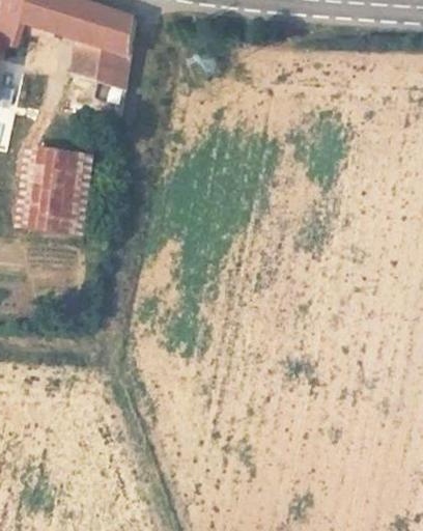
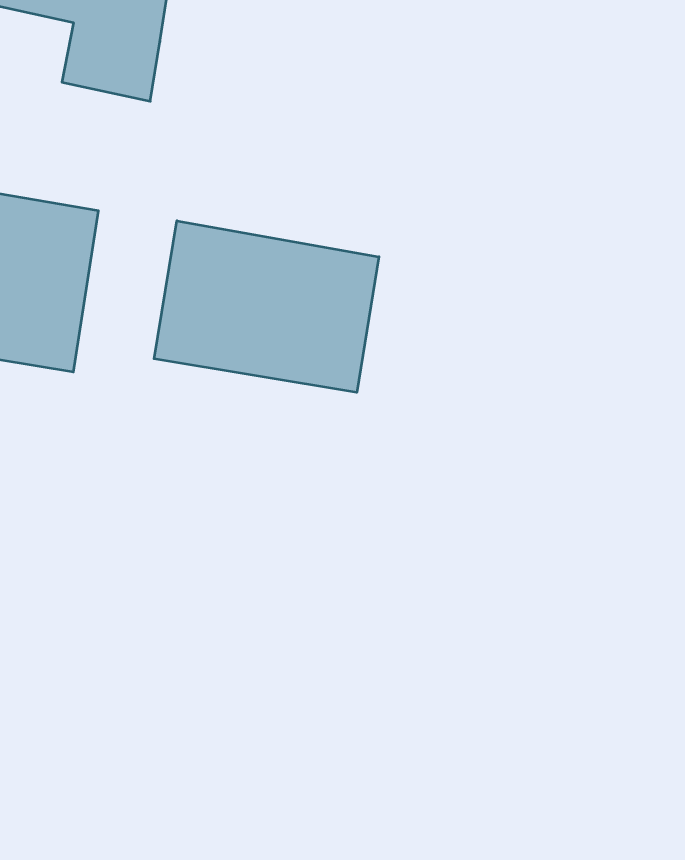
building: none -> [154,221,379,392]

